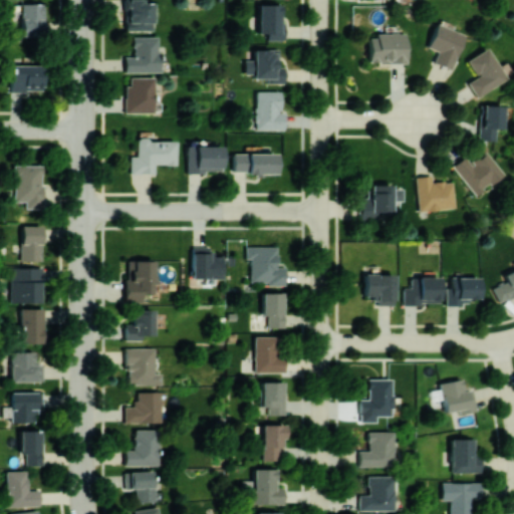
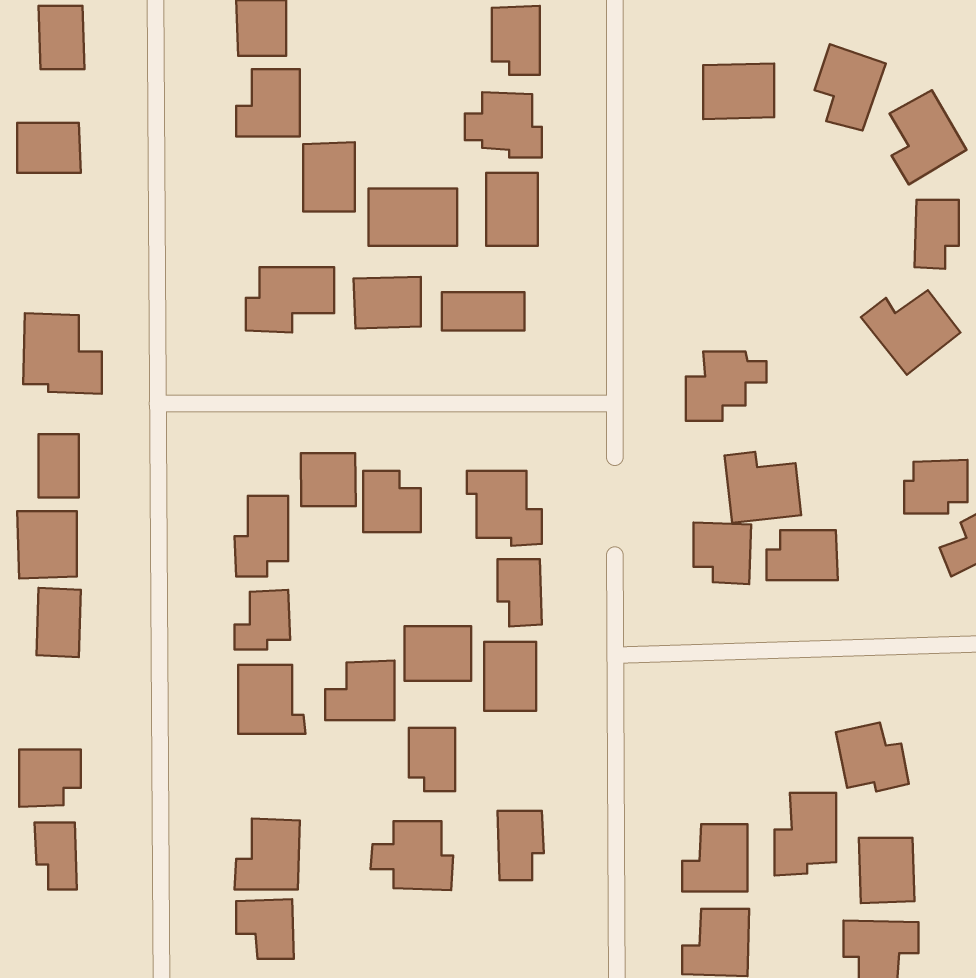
building: [127,78,155,114] -> [303,142,355,211]
building: none -> [368,189,457,246]
building: [417,176,457,213] -> [724,452,801,523]
building: none -> [301,453,356,506]
building: [447,278,480,306] -> [904,460,967,514]
building: none -> [405,626,471,681]
building: [12,353,44,382] -> none
building: [360,380,393,424] -> [775,793,836,875]
building: [262,382,286,416] -> [409,728,455,791]
building: [125,393,162,424] -> [325,661,394,720]
building: [243,470,286,506] -> [370,821,453,890]
building: [8,472,41,508] -> none

